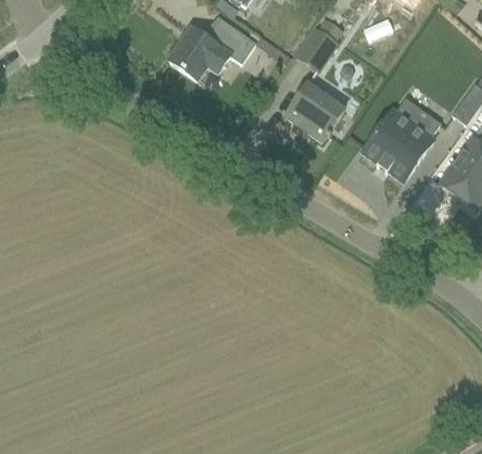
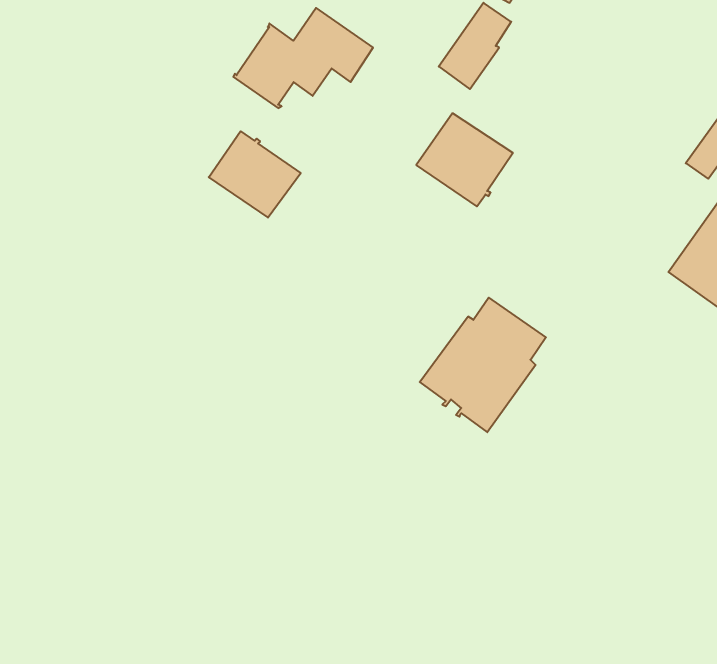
building: none -> [209,131,301,218]
building: [362,97,441,181] -> [420,298,546,432]

